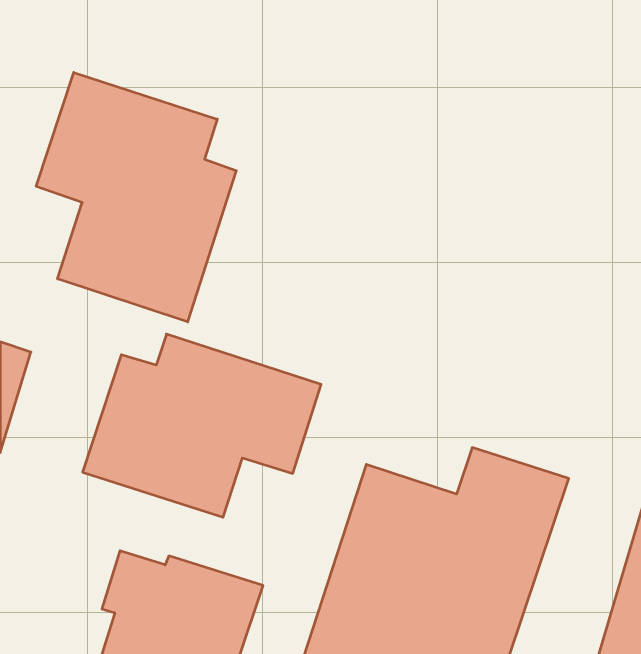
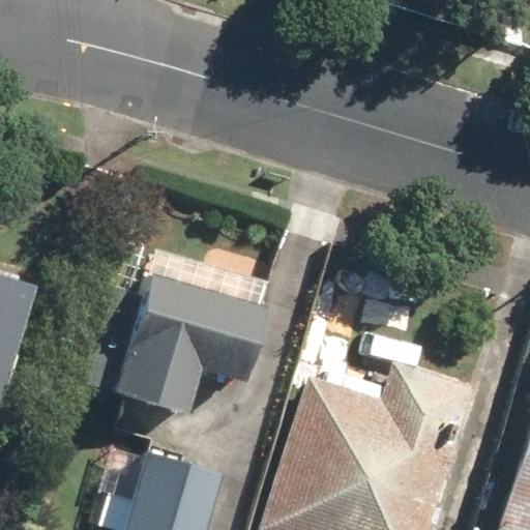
building: [36,72,236,322] -> none

